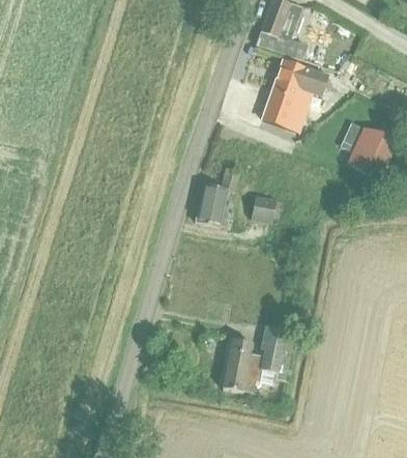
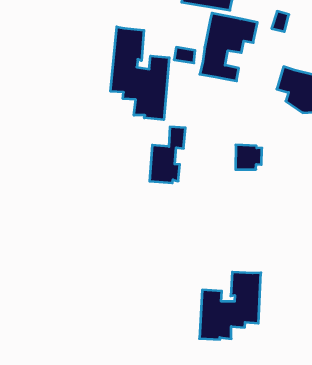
building: none -> [111,27,169,120]
building: [251,193,281,221] -> [236,145,262,170]

